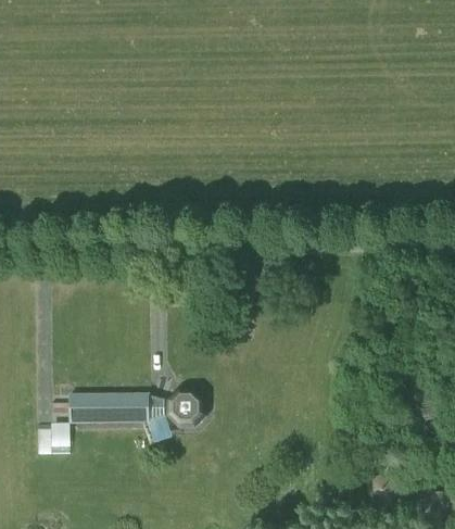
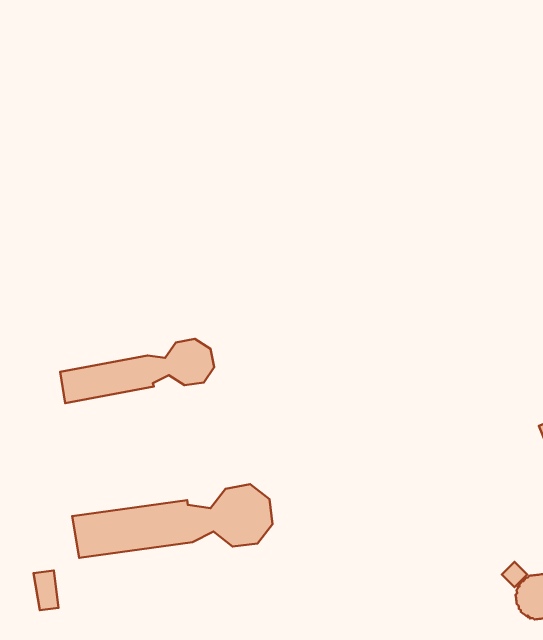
building: none -> [60,339,214,403]

